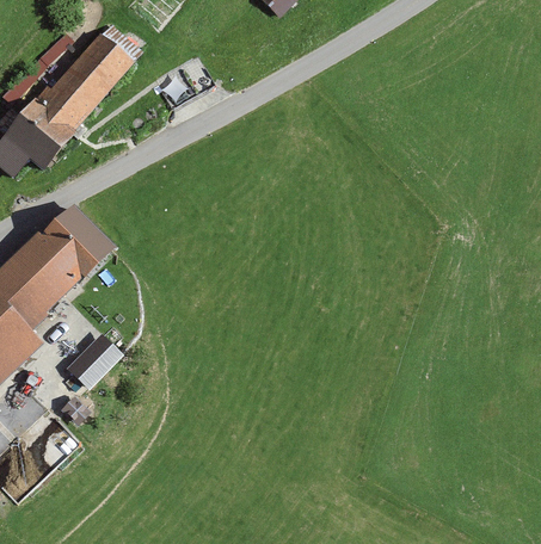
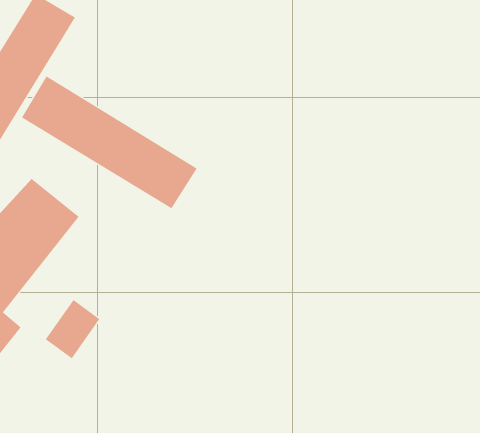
building: none -> [21,76,197,209]

